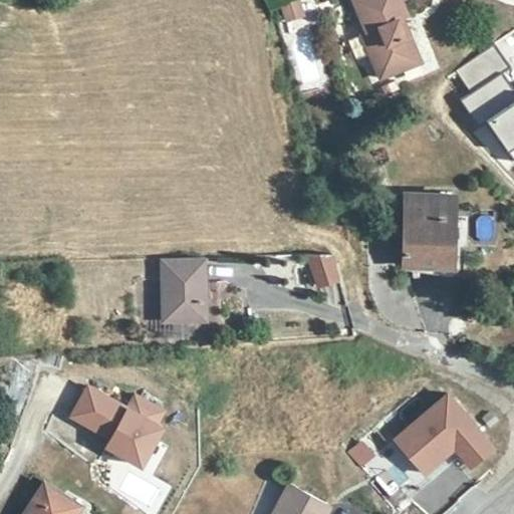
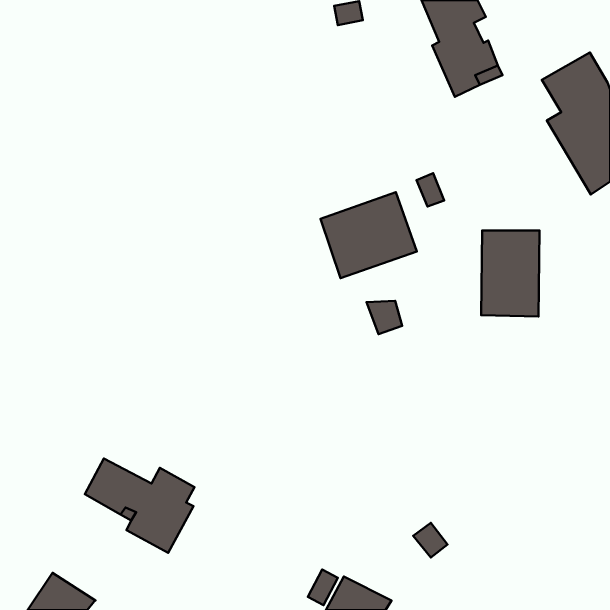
building: none -> [320,192,417,278]
building: [165,257,206,321] -> none
building: [395,395,490,481] -> none

